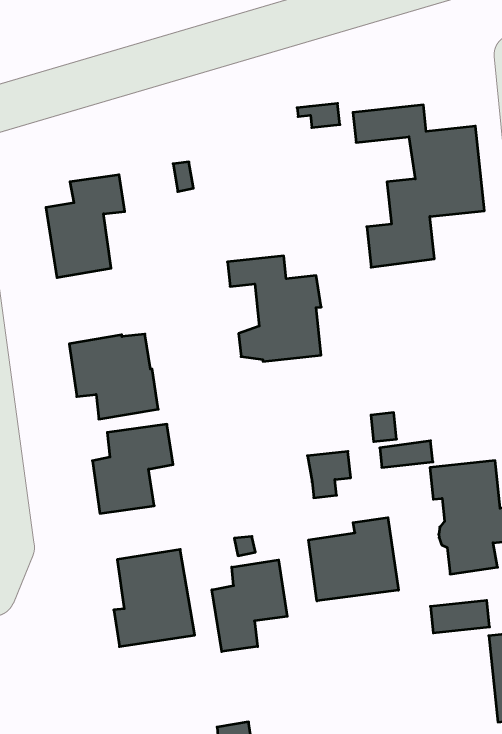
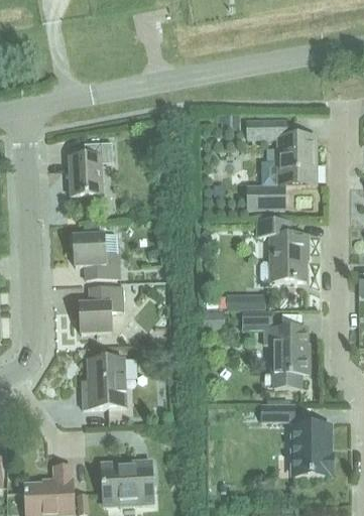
building: [227,256,321,361] -> [258,221,309,279]
building: [309,518,398,601] -> none
building: [212,560,287,652] -> none

